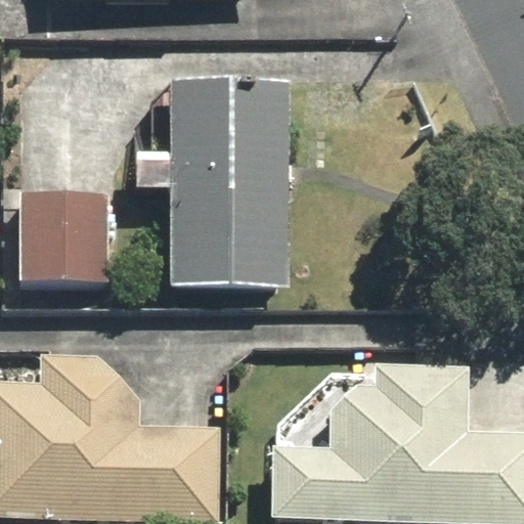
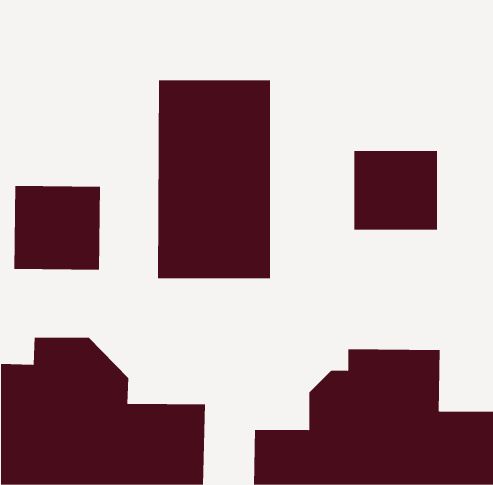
building: none -> [354,150,438,230]

